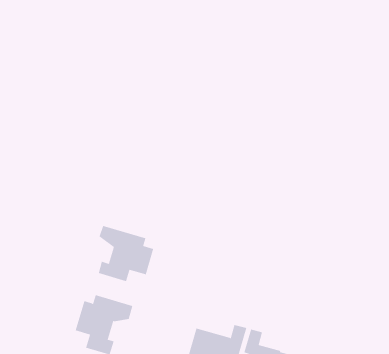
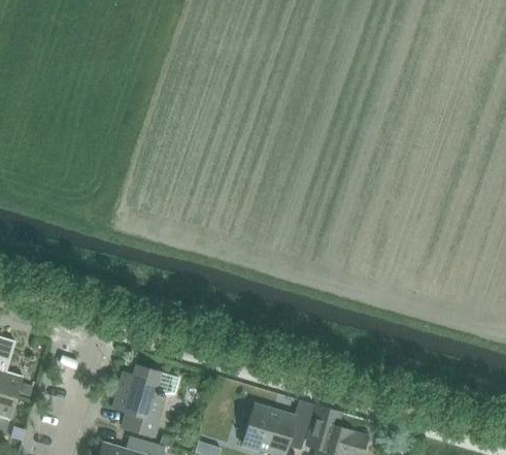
building: [98,225,154,283] -> none

